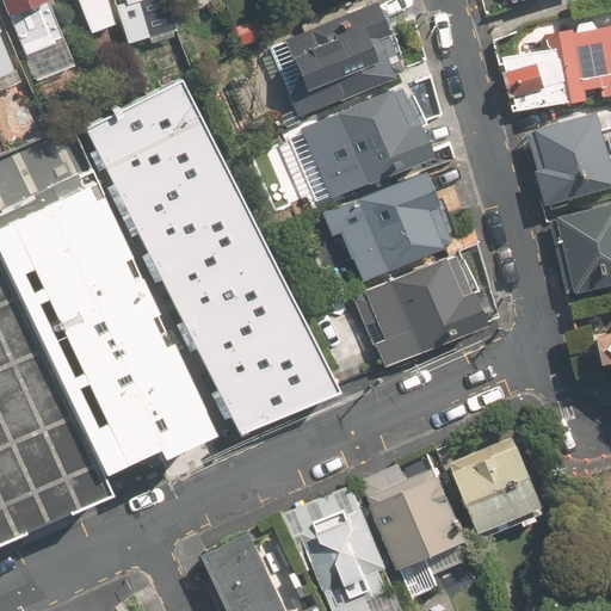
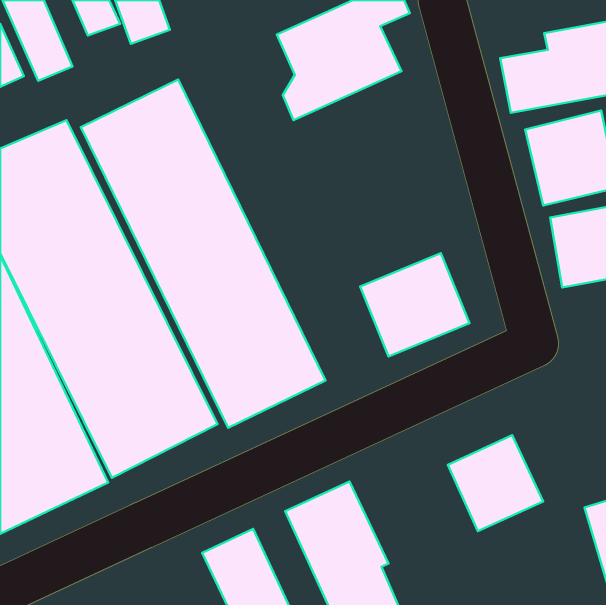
building: [292,85,432,208] -> none
building: [323,173,450,278] -> none
building: [362,458,474,603] -> none

